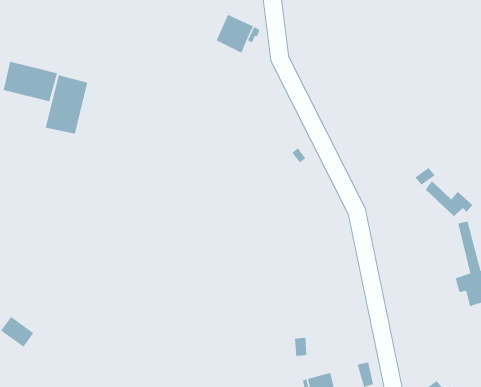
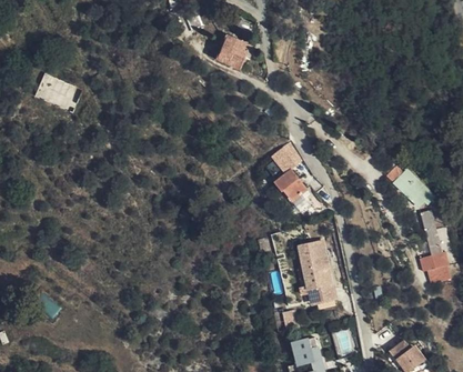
building: [45,75,88,135] -> none
building: none -> [275,169,308,201]
building: none -> [300,244,334,305]

